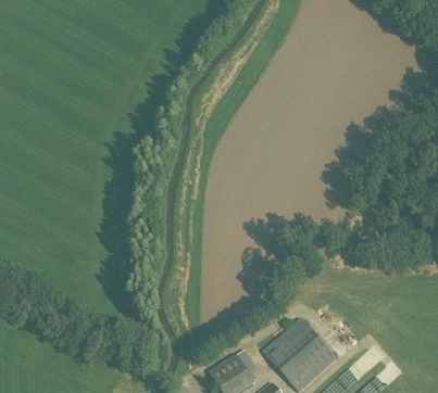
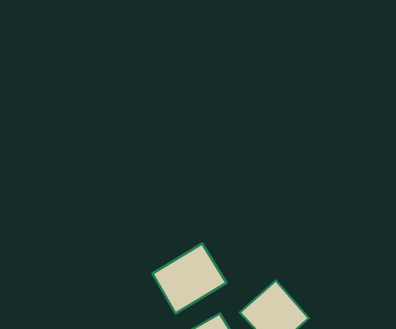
building: none -> [152,244,227,314]

